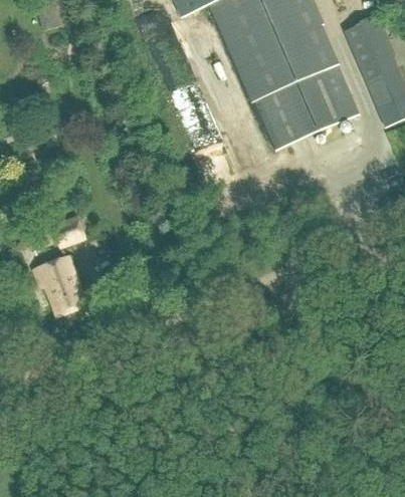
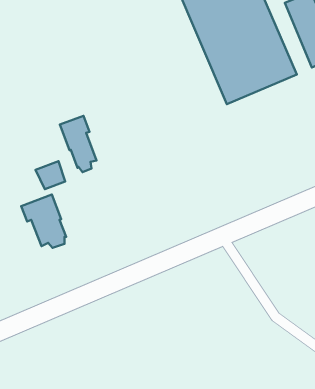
building: none -> [60,116,96,172]

